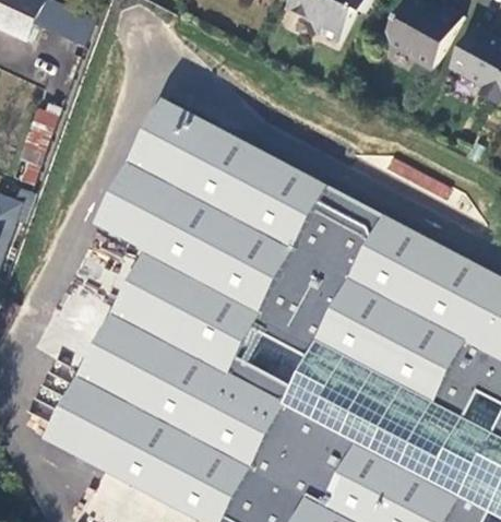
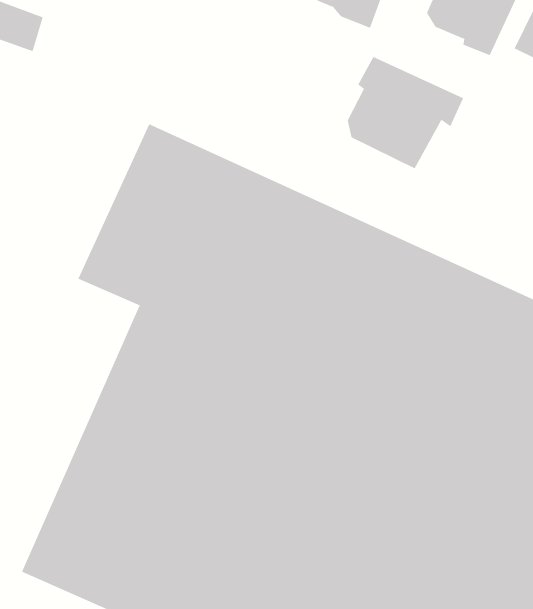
building: none -> [347,56,464,169]

